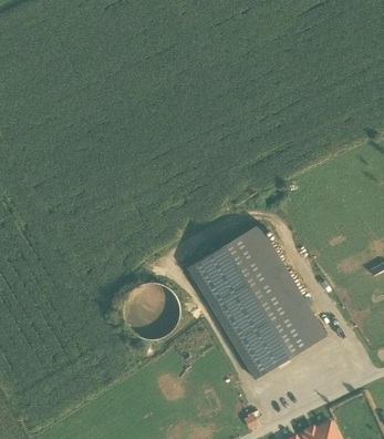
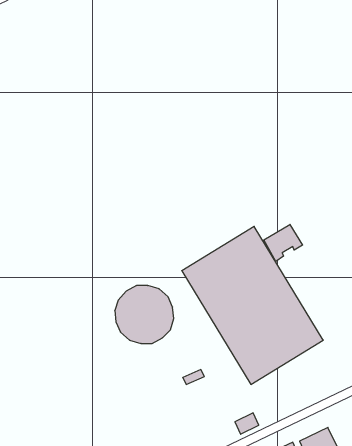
building: none -> [264,224,303,262]

